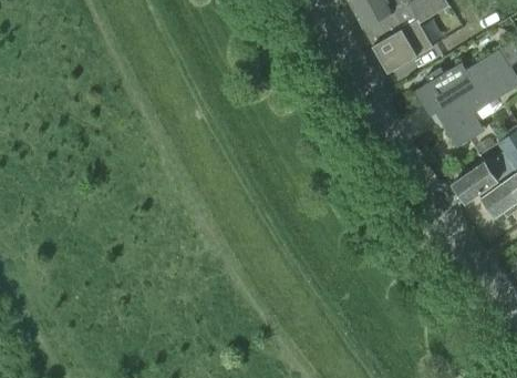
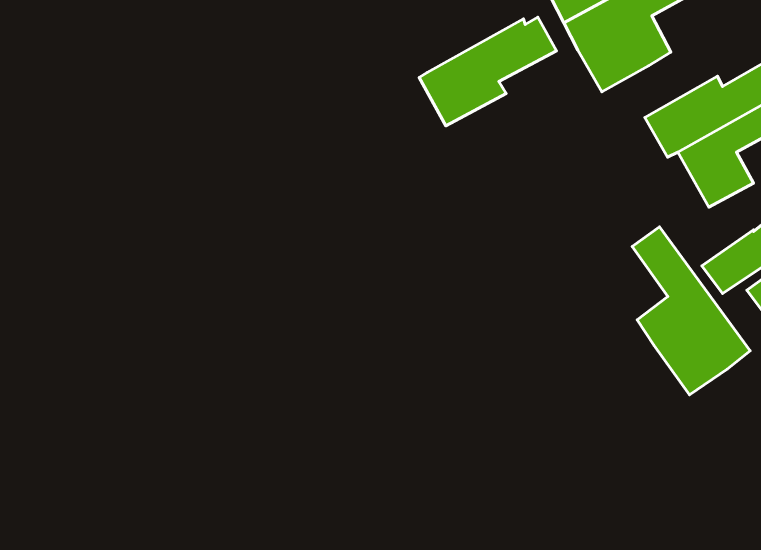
building: none -> [419,17,556,126]
building: none -> [632,227,750,395]

